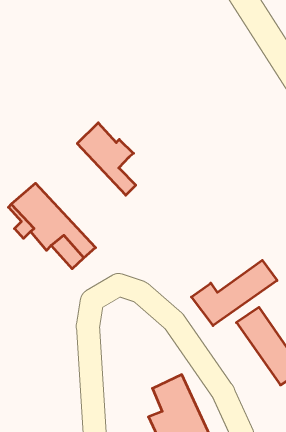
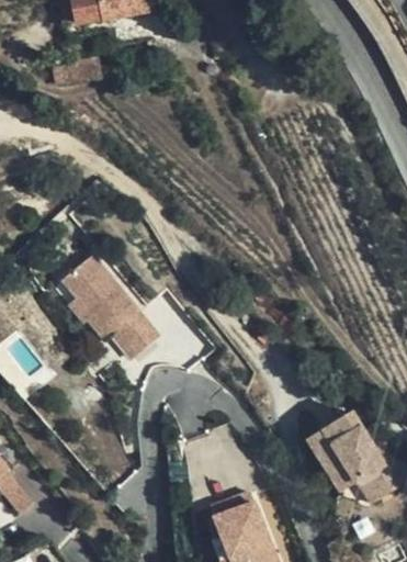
building: [77,123,136,195] -> none
building: [191,260,277,326] -> none

